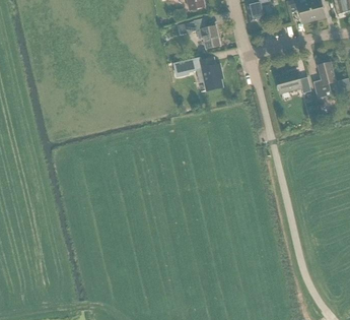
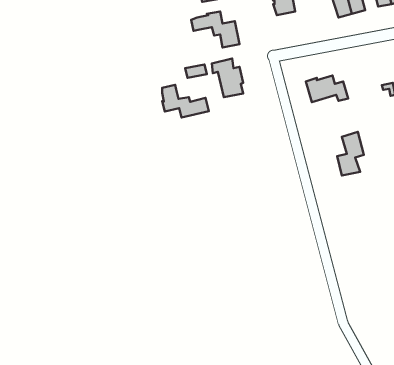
building: [312,61,335,98] -> [337,132,364,175]
building: none -> [162,85,209,117]

